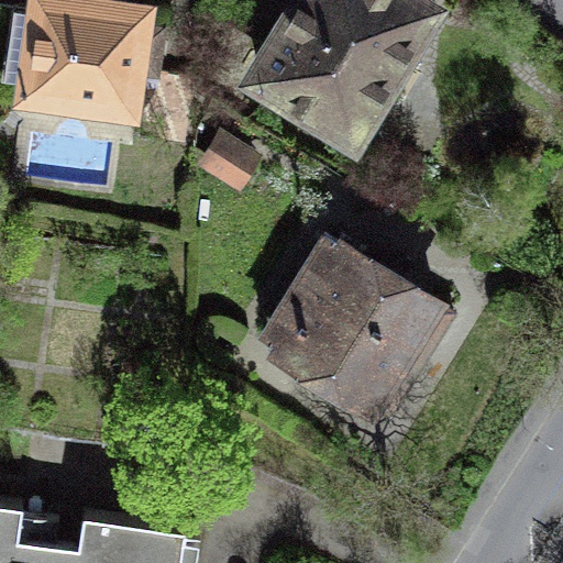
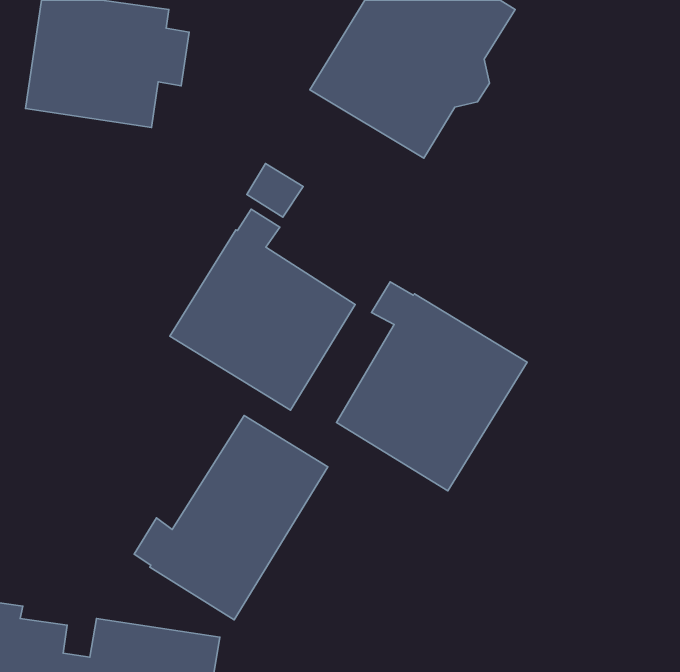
building: none -> [170,209,355,410]
building: none -> [134,415,328,620]

